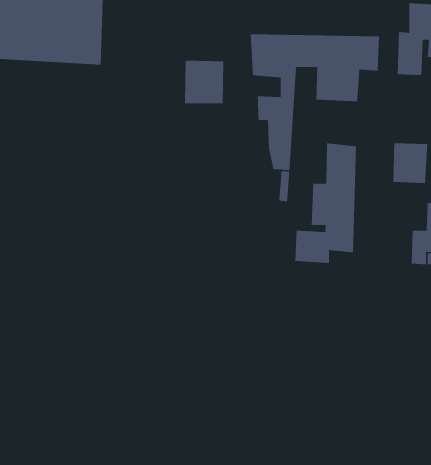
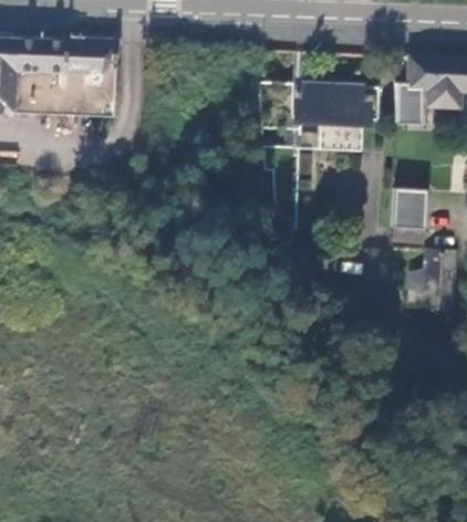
building: [184,60,224,104] -> none
building: [295,143,357,264] -> none

